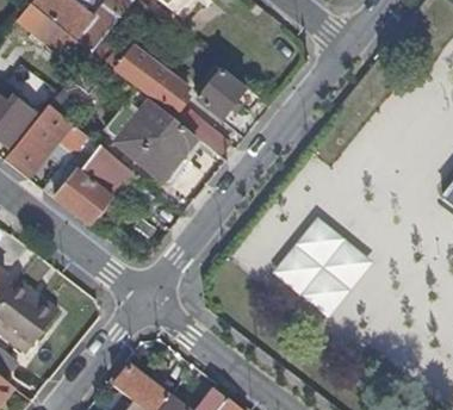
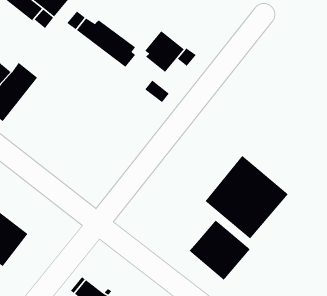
building: [120,100,197,175] -> none
building: [42,128,132,223] -> none
building: none -> [188,219,251,281]

